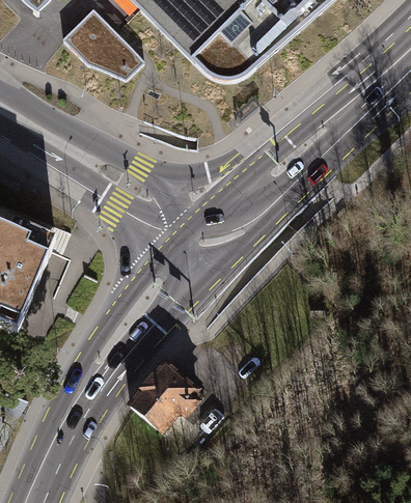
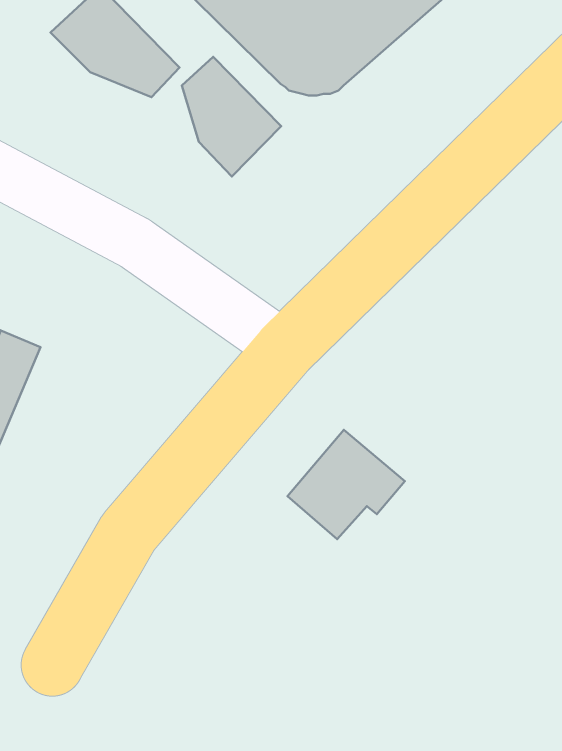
building: none -> [182,57,281,177]
building: [129,358,202,426] -> [288,430,405,539]

